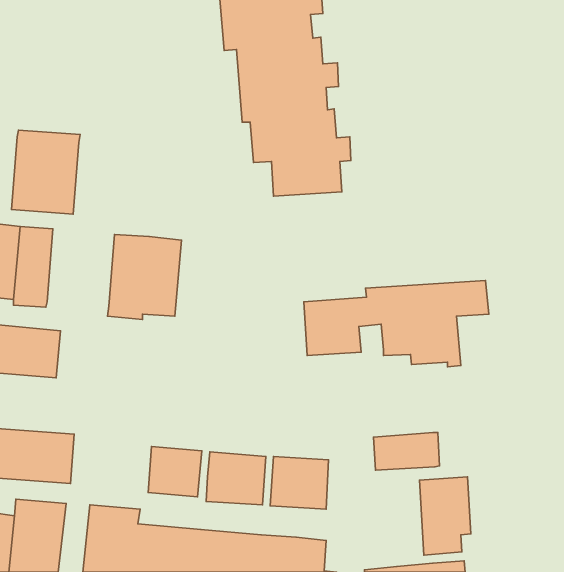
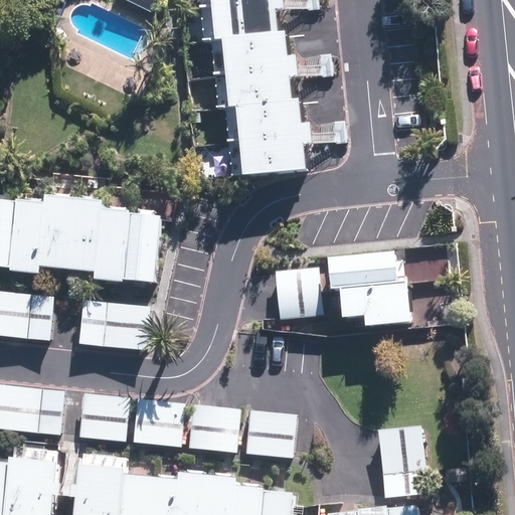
building: [12,130,80,214] -> [42,199,104,275]
building: none -> [78,300,148,351]
building: [374,432,439,470] -> none
building: none -> [76,392,129,443]

